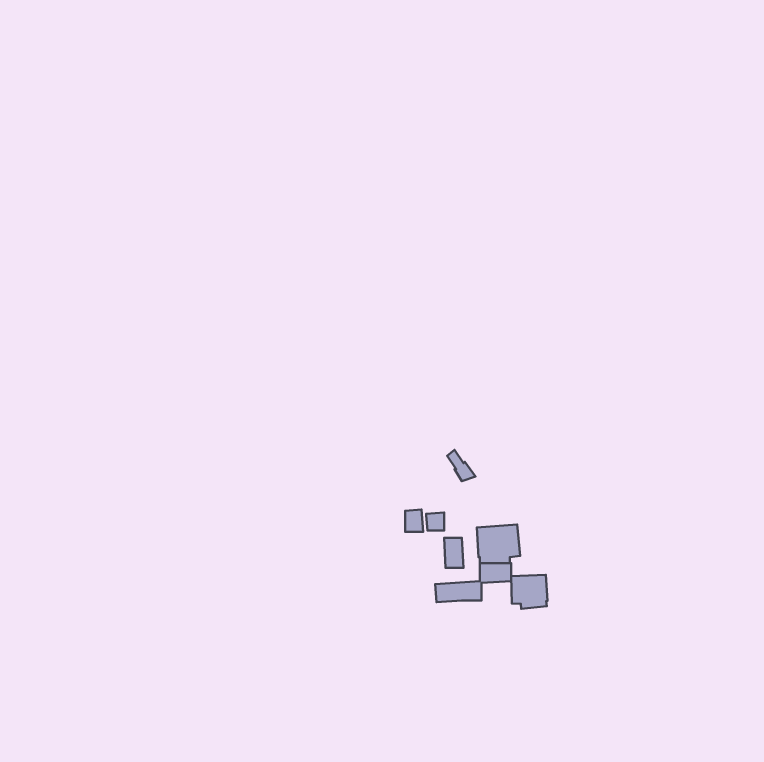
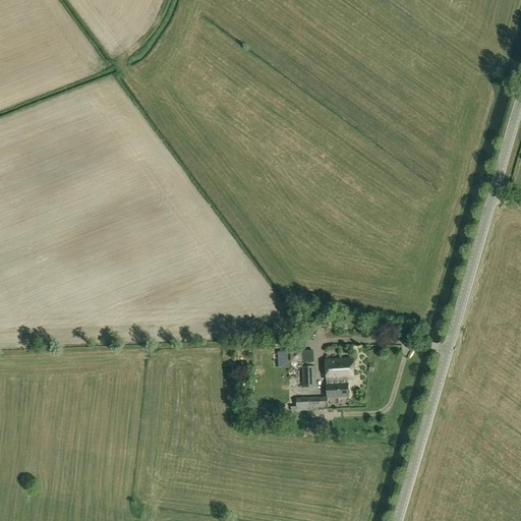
building: [511,575,547,609] -> none

